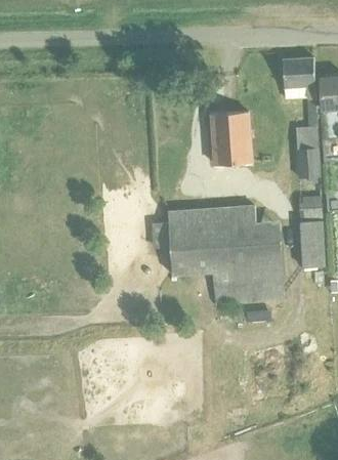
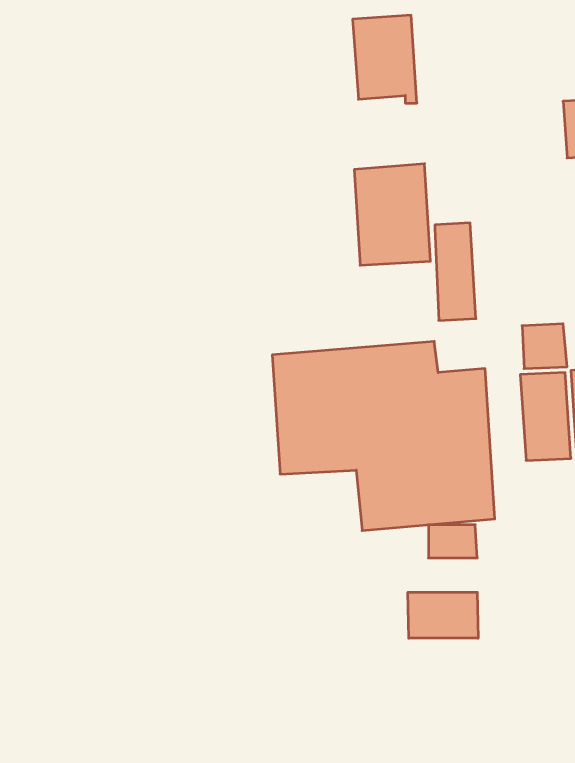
building: [282,56,315,102] -> [353,15,417,103]
building: [298,129,320,180] -> [435,223,476,320]
building: none -> [408,592,478,638]

